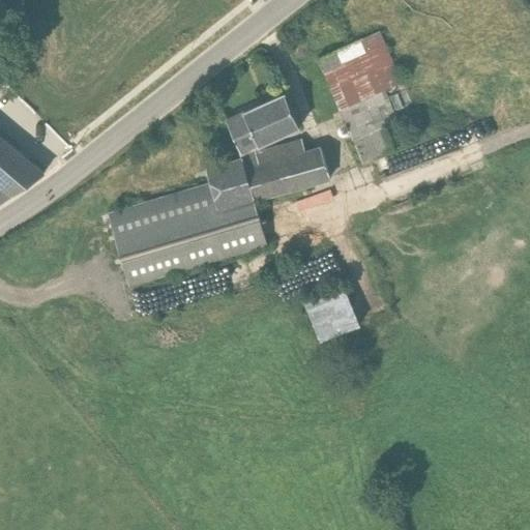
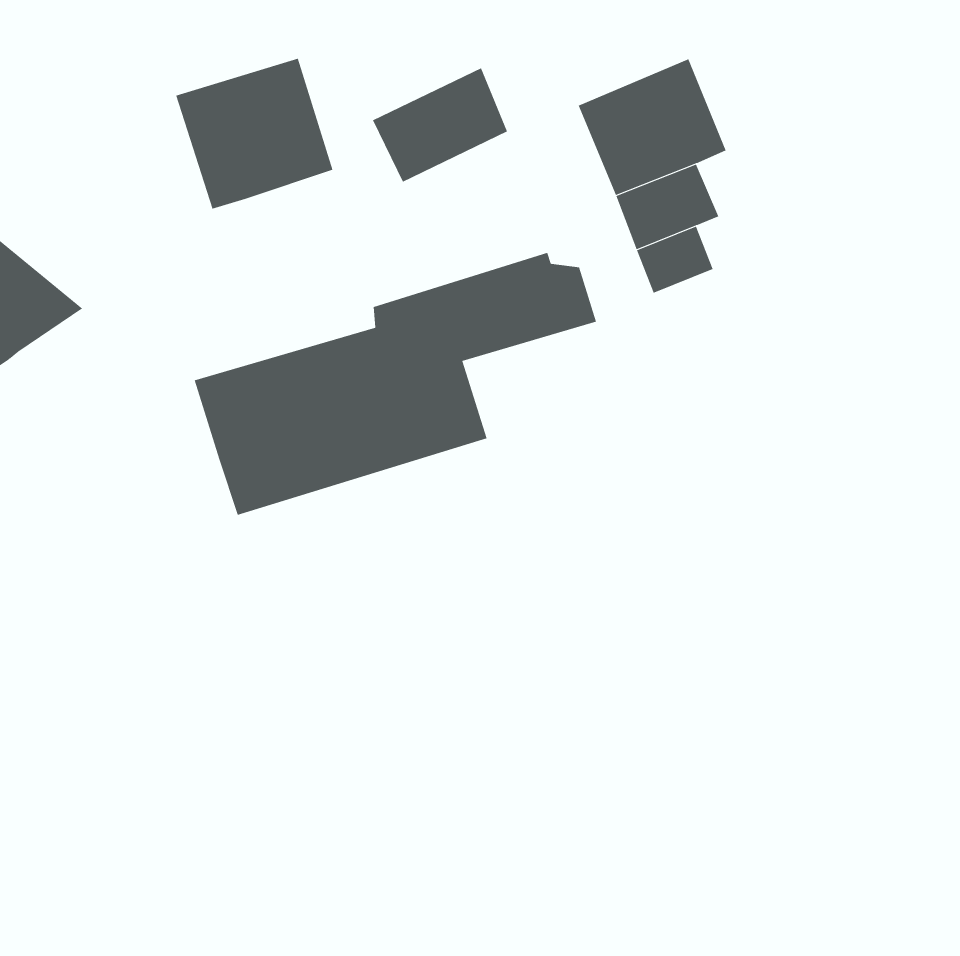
building: none -> [176,58,333,209]
building: [225,93,299,156] -> [372,68,508,182]
building: [307,284,365,340] -> none

